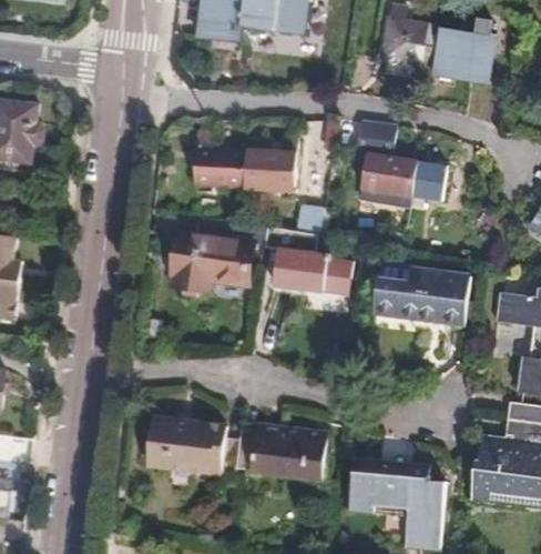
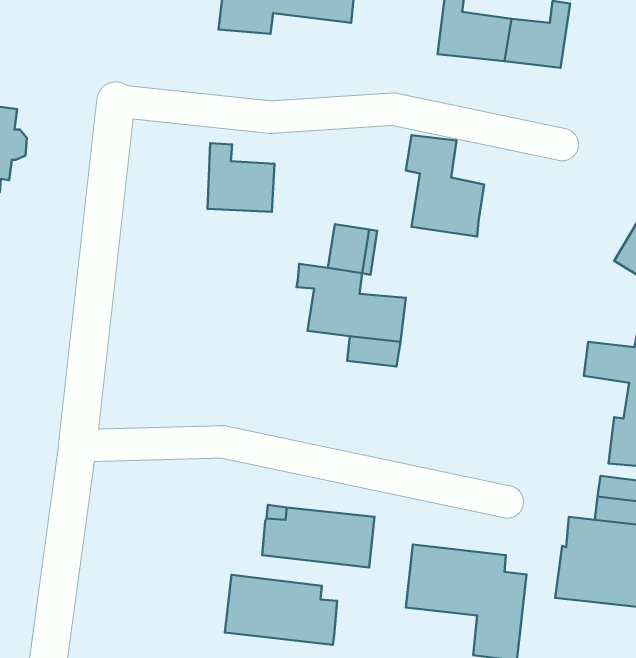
building: [244,138,294,191] -> none
building: [411,165,447,201] -> none
building: [172,220,266,292] -> none
building: [372,268,469,322] -> none
building: [147,417,238,474] -> [225,575,337,645]

